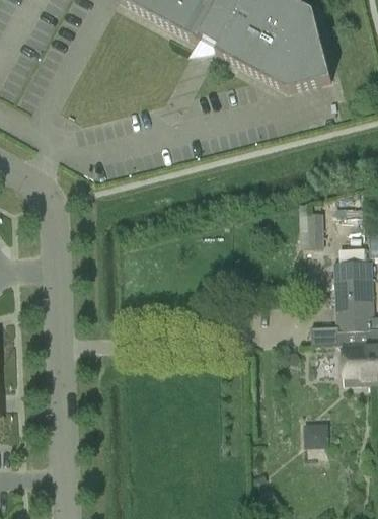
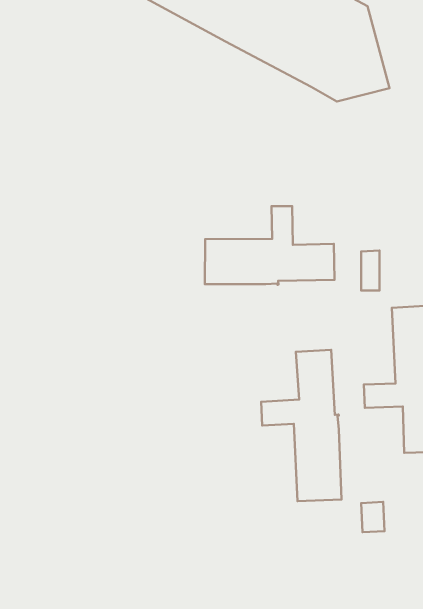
building: none -> [205,206,334,285]
building: none -> [261,350,342,501]

